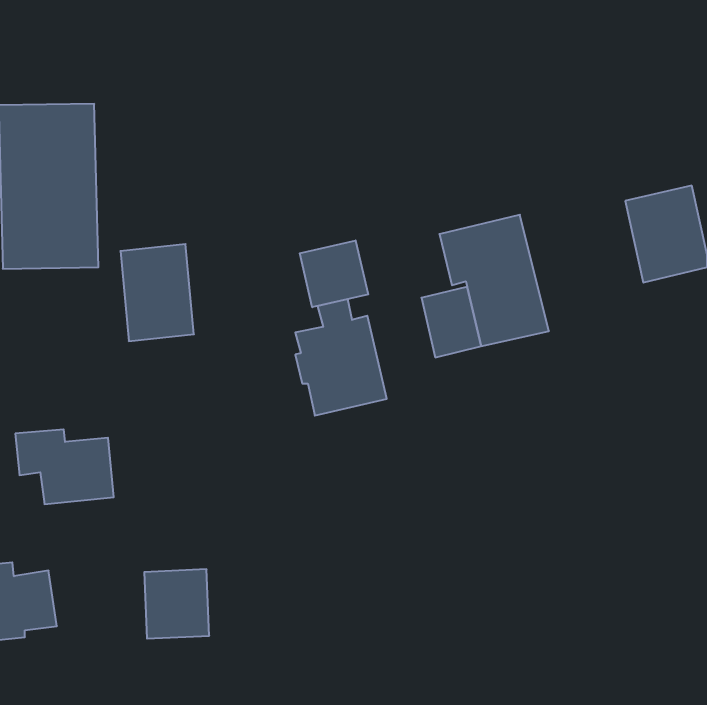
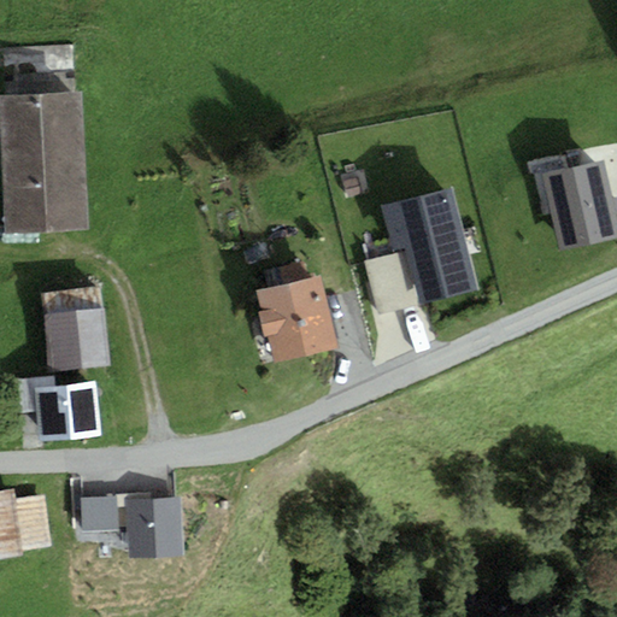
building: [300,240,368,307] -> none
building: [120,244,194,341] -> [41,286,105,370]
building: none -> [81,494,116,529]

